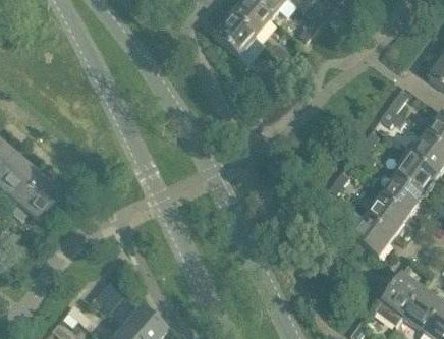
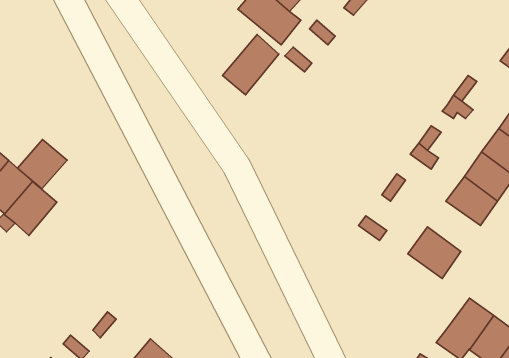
building: none -> [223,34,279,95]
building: none -> [18,140,67,189]
building: [369,191,412,233] -> none

